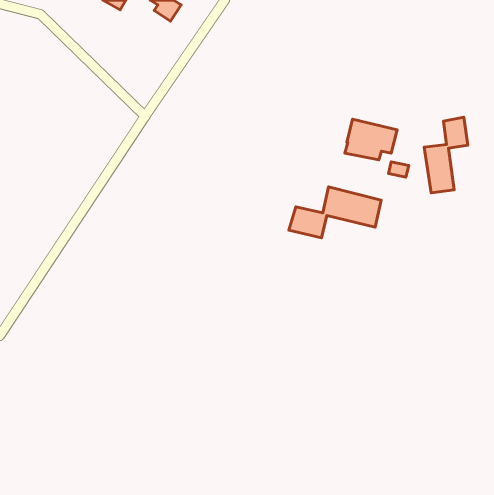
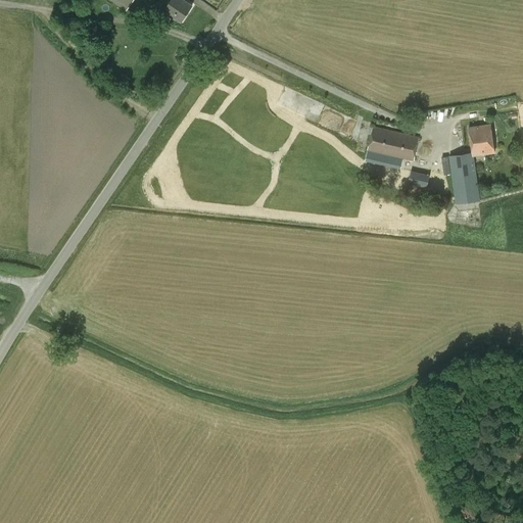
building: [289,187,381,238] -> none

